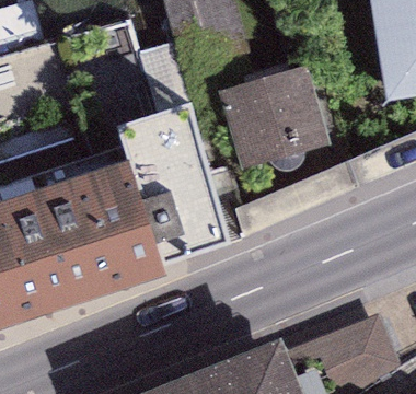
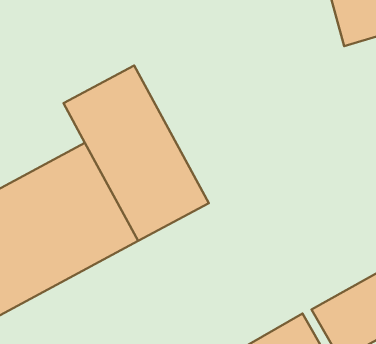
building: [232,74,328,172] -> none

